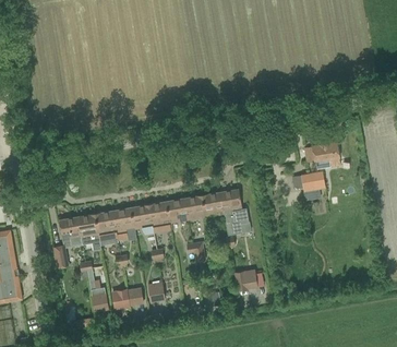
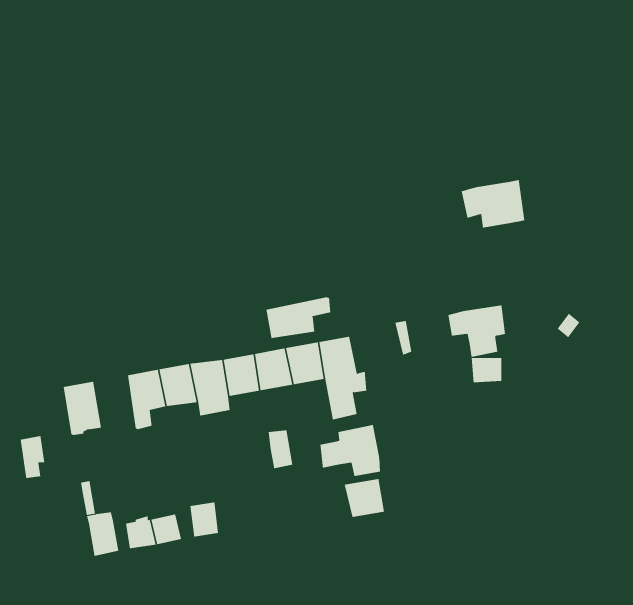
building: [304,142,340,169] -> [461,179,525,228]
building: none -> [266,296,331,339]
building: [95,211,118,241] -> none
building: [59,217,82,244] -> none
building: none -> [320,424,381,477]

